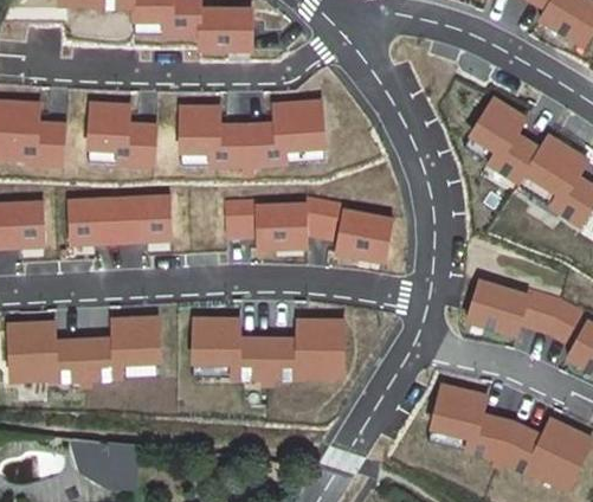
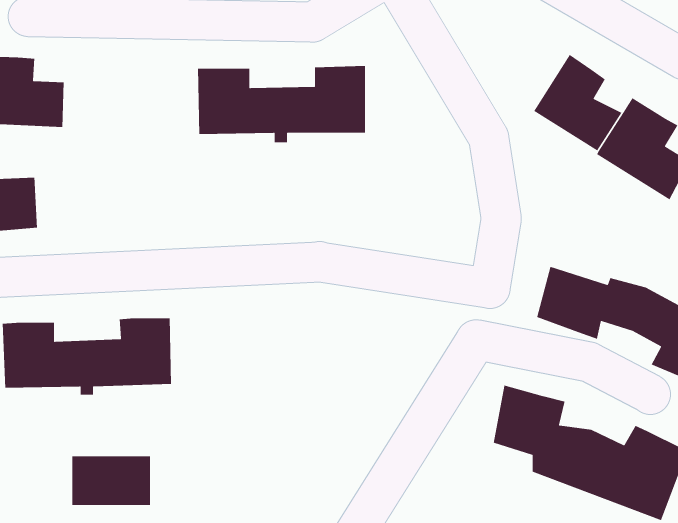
building: [86,103,156,163] -> none
building: [71,195,169,245] -> none
building: [227,197,391,260] -> none
building: [198,318,341,384] -> none

